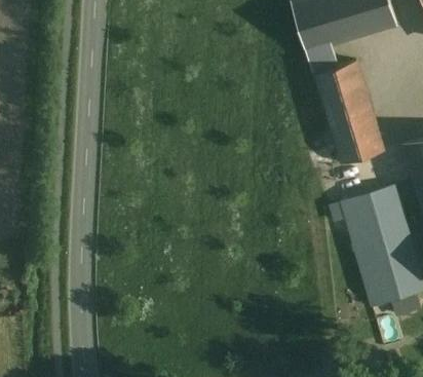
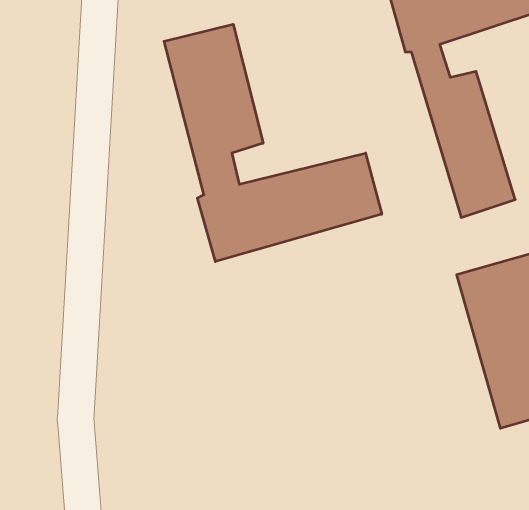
building: none -> [164,24,382,262]

